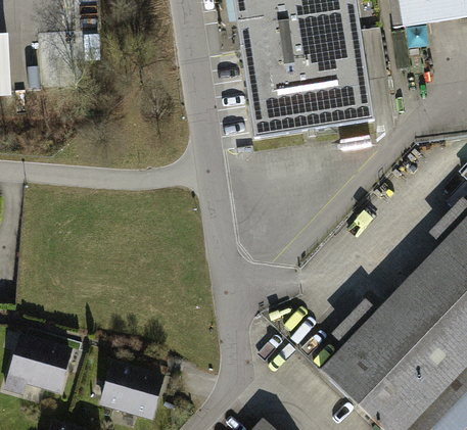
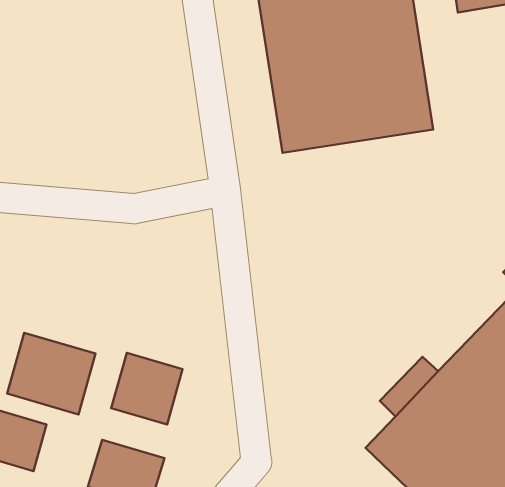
building: none -> [7,333,96,414]
building: none -> [111,353,183,425]

